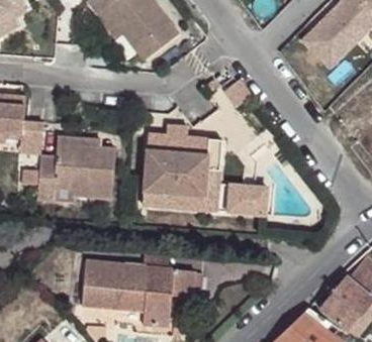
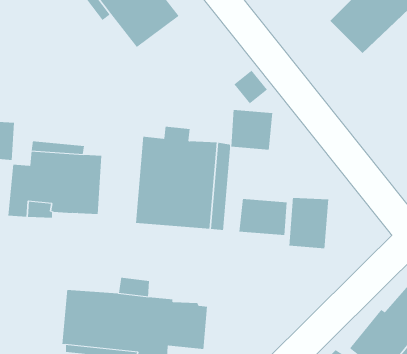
building: none -> [231,109,273,150]
building: none -> [289,197,329,249]

